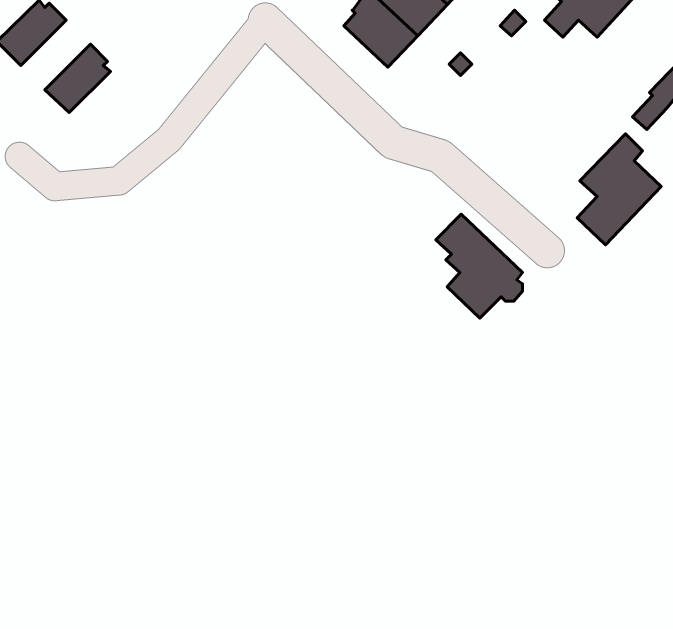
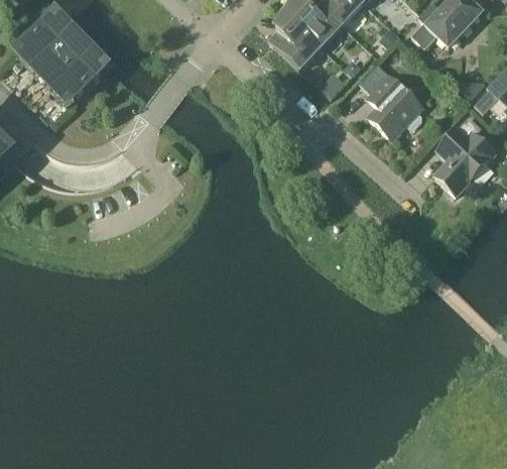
building: none -> [40,34,90,84]
building: [436,214,523,318] -> [360,65,421,138]

